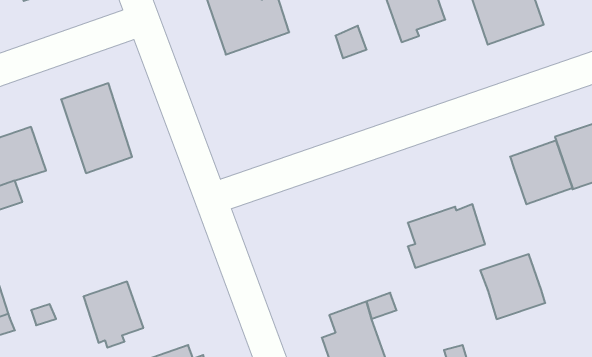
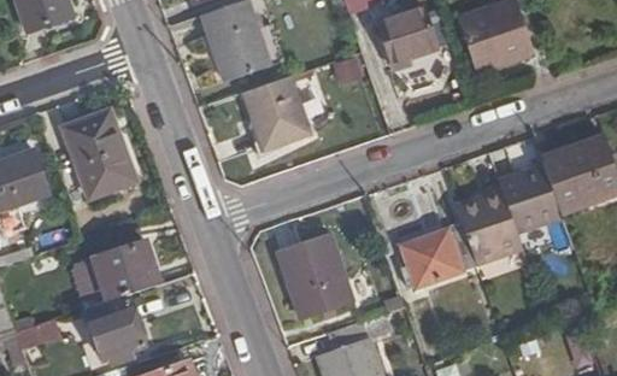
building: none -> [243,77,308,148]
building: none -> [281,233,353,318]
building: none -> [75,241,160,311]
building: [480,254,545,319] -> [456,192,518,254]

